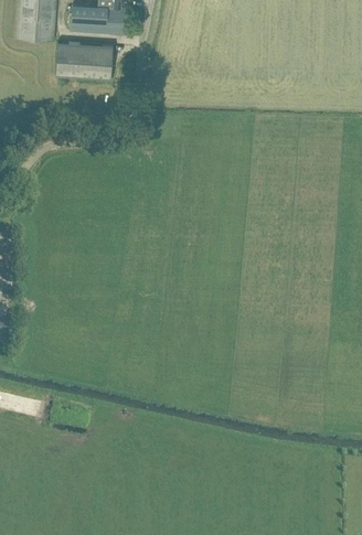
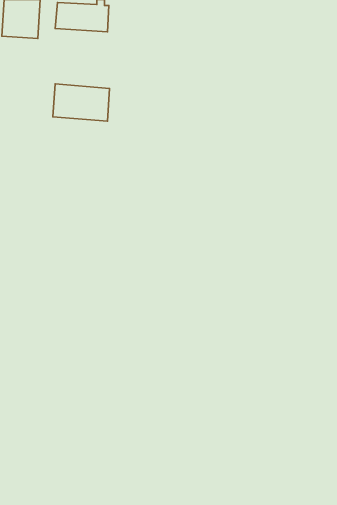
building: [54,41,111,78] -> [53,84,110,121]

